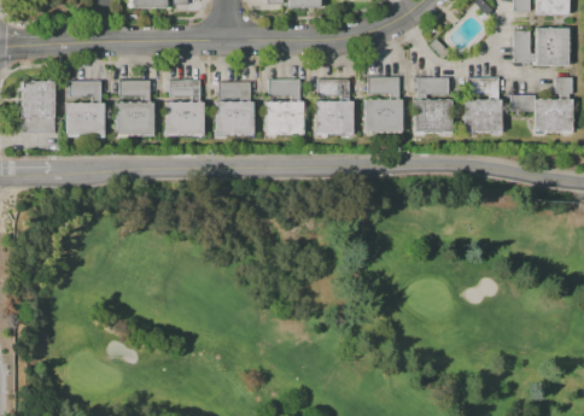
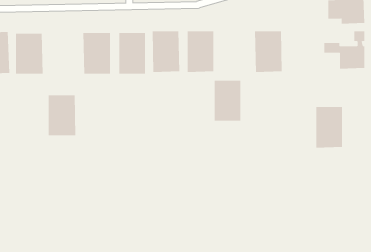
building: [361,77,401,136] -> [214,80,241,121]
building: [462,77,502,137] -> [315,106,343,148]
building: [112,81,153,140] -> [48,95,76,136]

